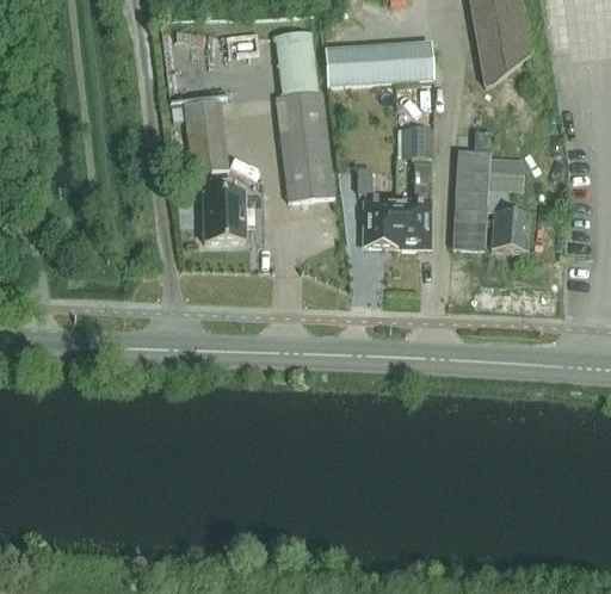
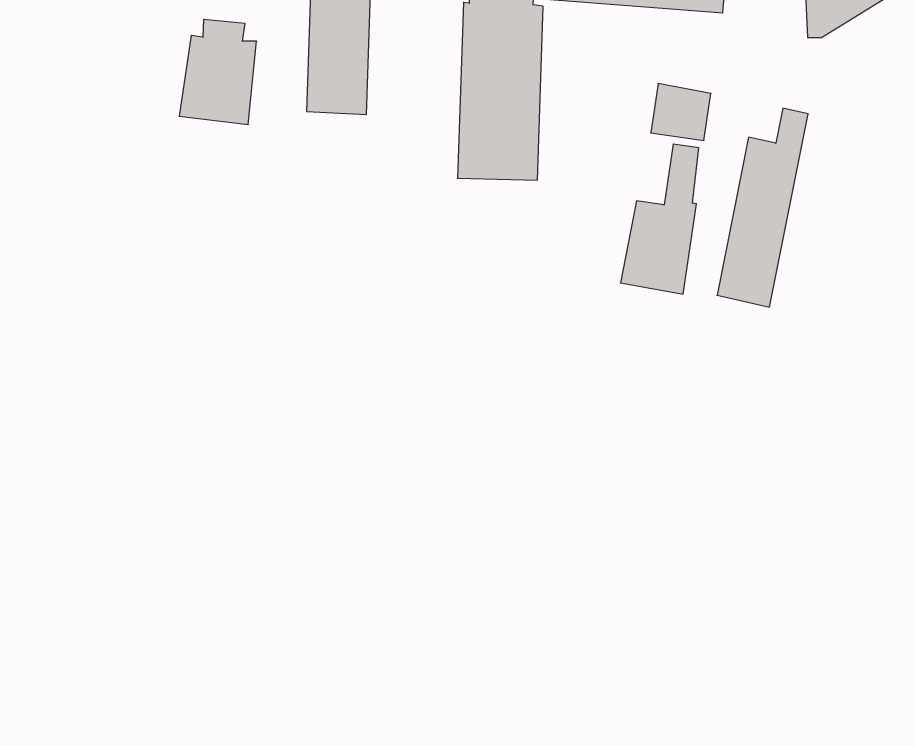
building: [487,156,531,252] -> none
building: [357,167,396,248] -> none
building: [203,180,245,241] -> [179,19,257,124]

